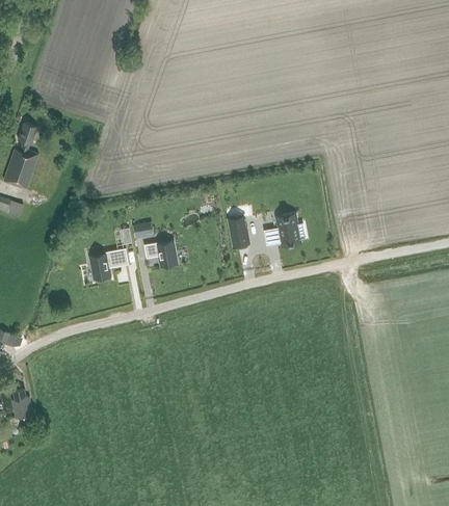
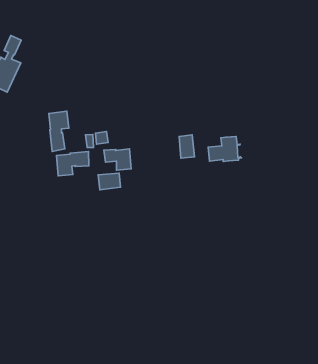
building: none -> [49,111,69,151]
building: none -> [98,173,120,190]

